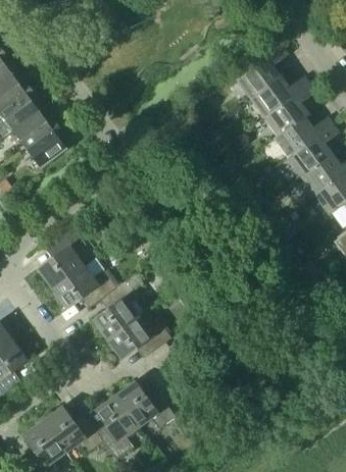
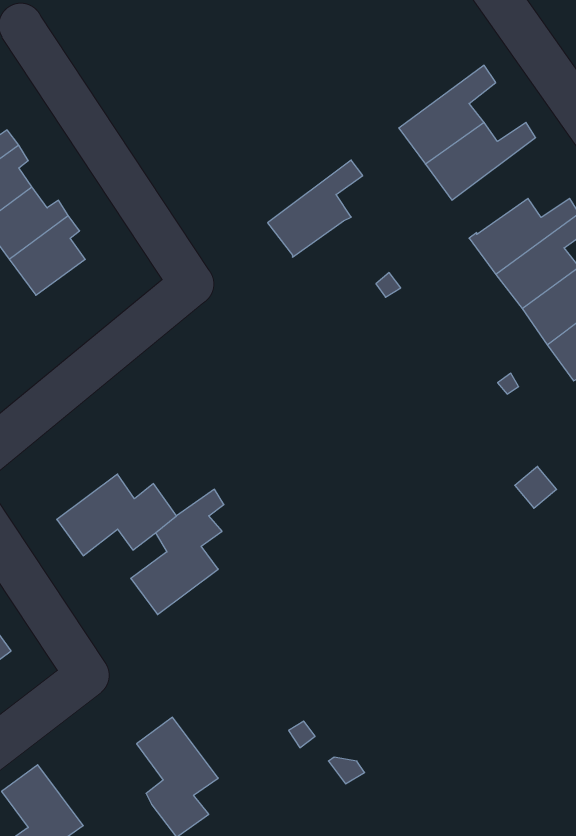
building: [264,84,315,136] -> [268,160,363,257]
building: [38,227,86,289] -> none
building: [106,315,171,359] -> none
building: [114,380,176,428] -> none
building: [42,406,103,454] -> none

